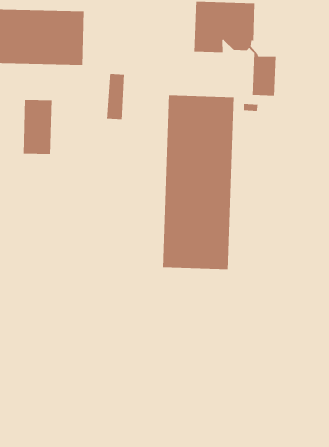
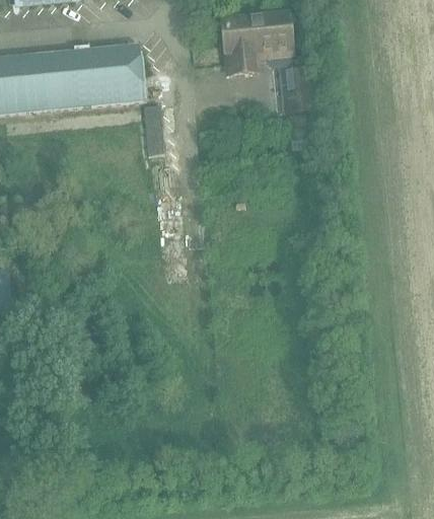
building: [162,94,235,270] -> none
building: [23,99,52,155] -> [110,42,145,102]

